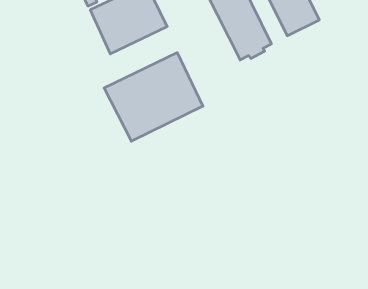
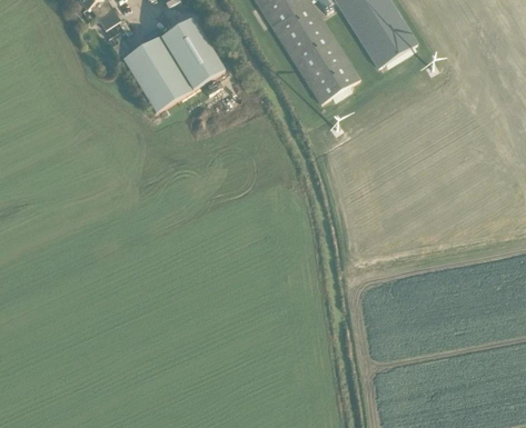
building: [104,53,203,141] -> none

